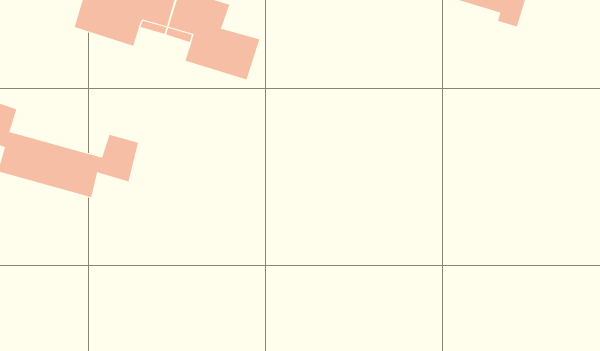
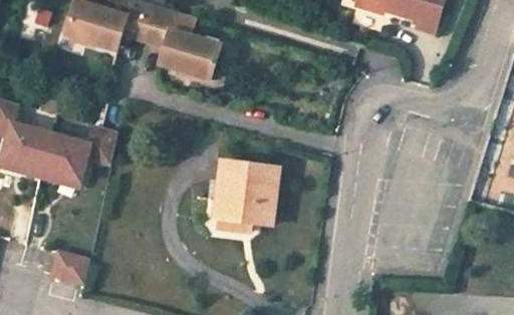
building: none -> [213,162,277,225]
building: none -> [50,253,88,284]

